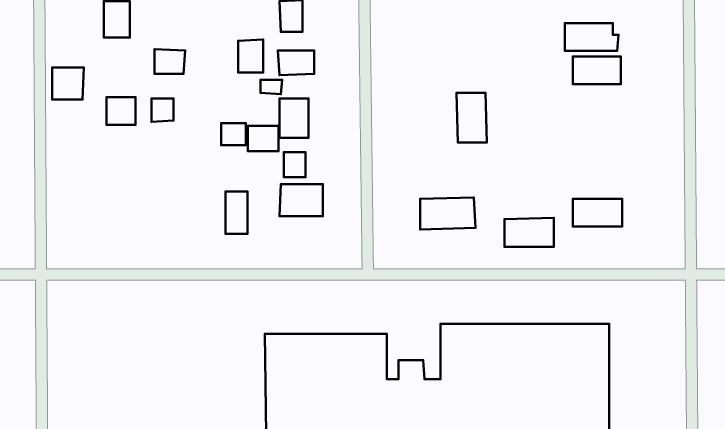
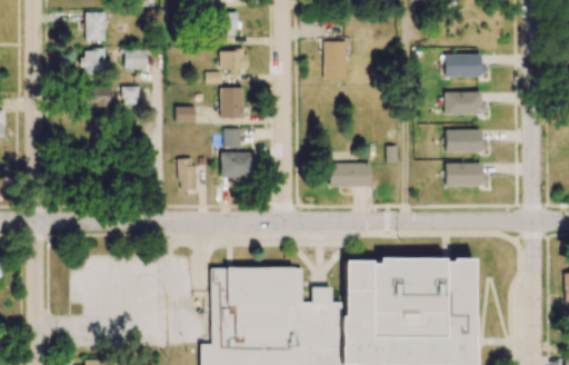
building: [565,23,619,51] -> [446,92,487,114]
building: [238,40,263,72] -> none
building: [52,67,84,99] -> [83,49,108,73]
building: [456,93,487,142] -> [325,41,348,79]
building: [248,126,278,151] -> none
building: [504,218,554,247] -> [446,129,483,151]

